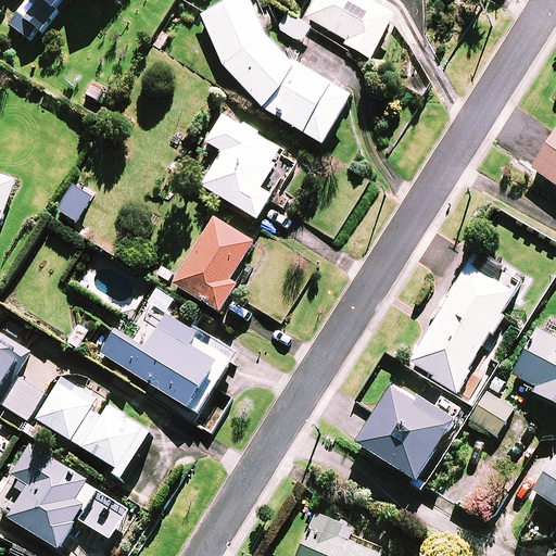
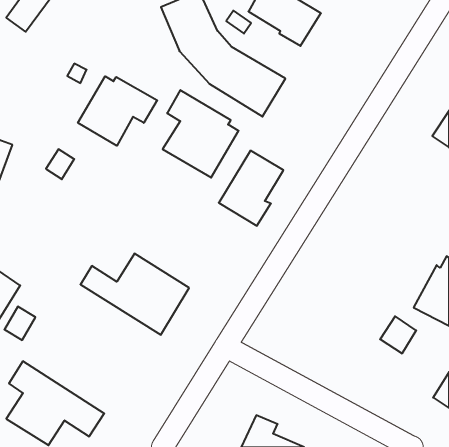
building: none -> [78,76,157,146]
building: [173,217,252,309] -> [219,151,283,226]
building: [408,250,520,389] -> none
building: [36,376,151,472] -> none
building: [356,387,451,479] -> none

